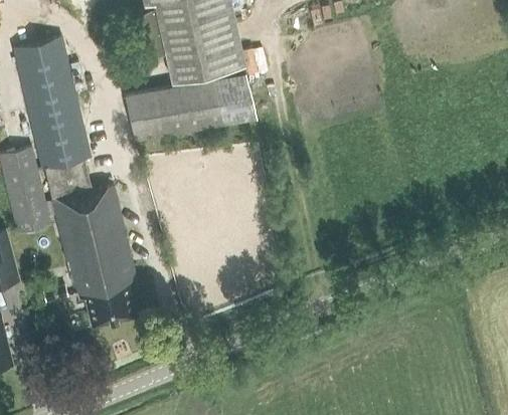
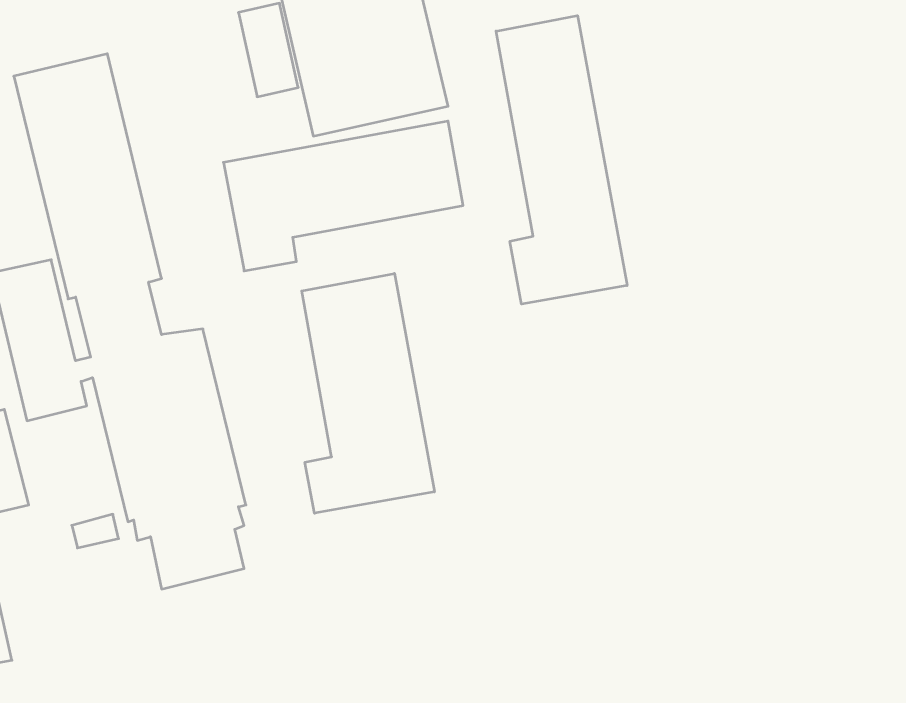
building: none -> [496,16,627,304]
building: none -> [302,273,434,513]

